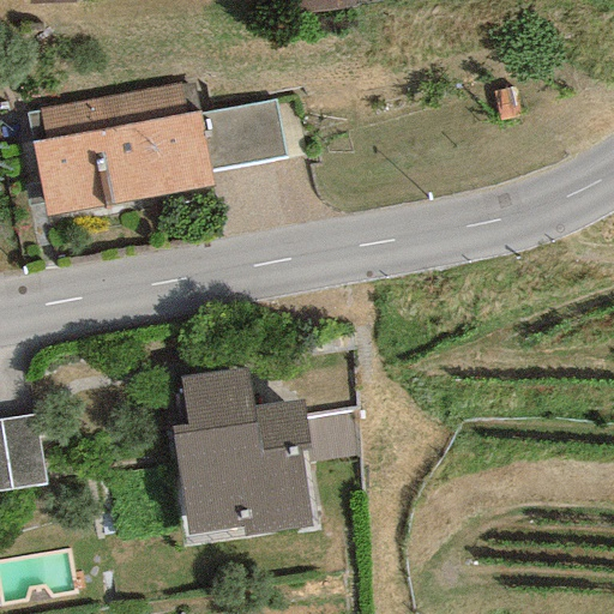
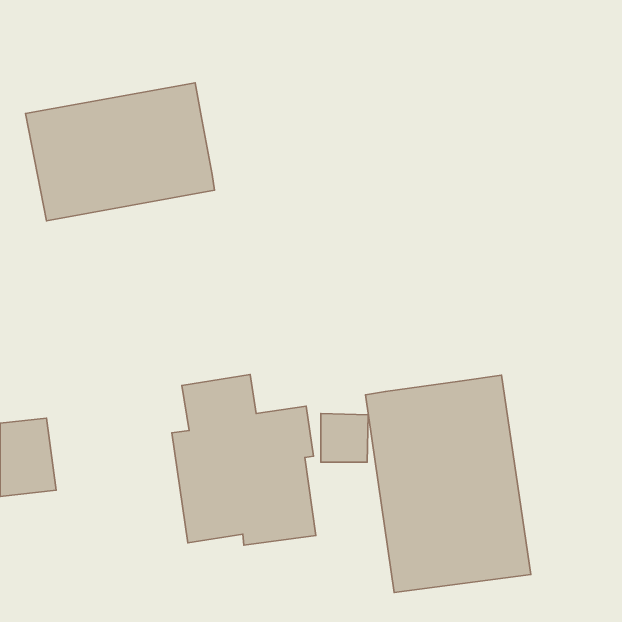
building: [199,101,285,171] -> none
building: none -> [365,375,531,593]

